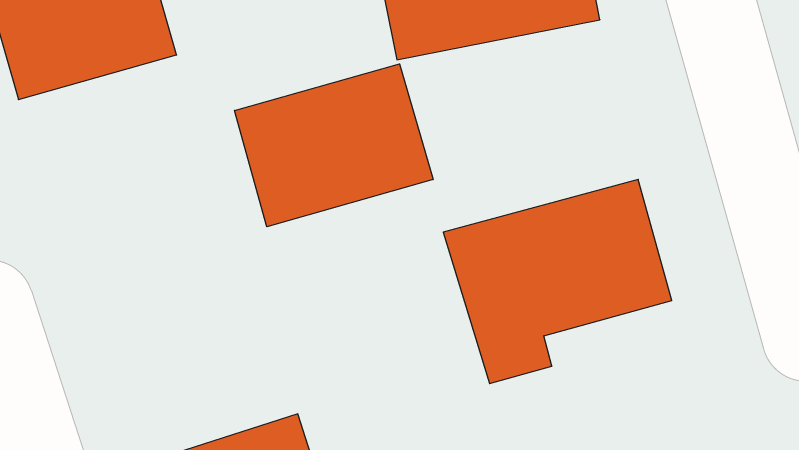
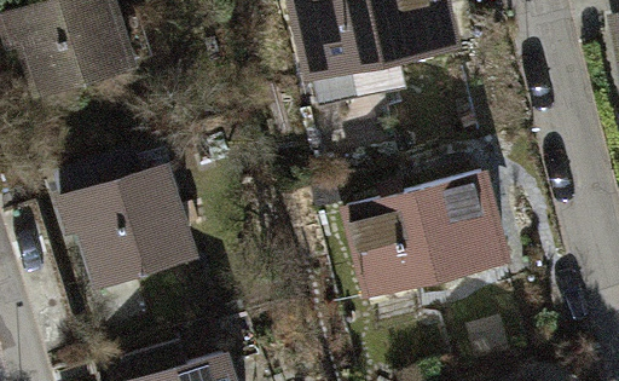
building: [235,64,433,227] -> none
building: none -> [53,156,196,288]

